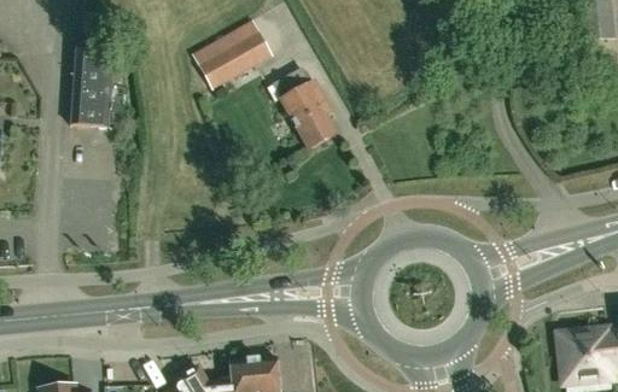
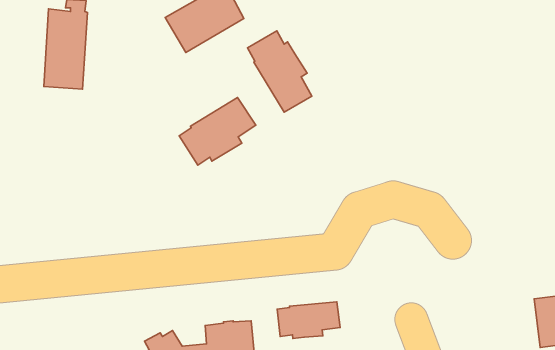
building: none -> [179,97,256,165]
building: none -> [277,302,340,338]

